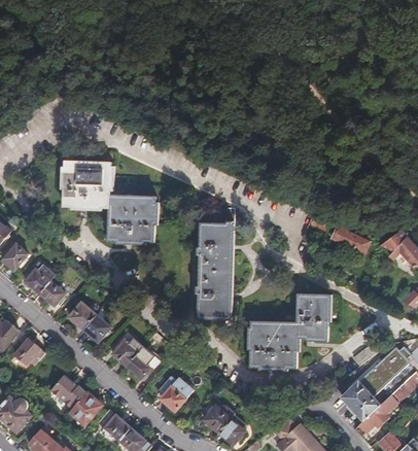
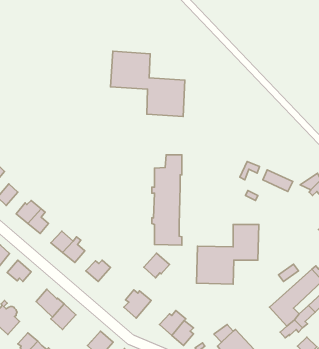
building: [62,160,154,241] -> [110,51,185,117]
building: [128,348,160,379] -> [144,253,170,278]
building: [98,409,131,440] -> none

